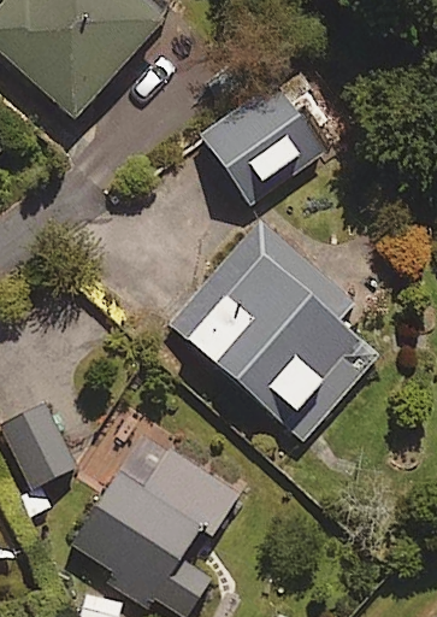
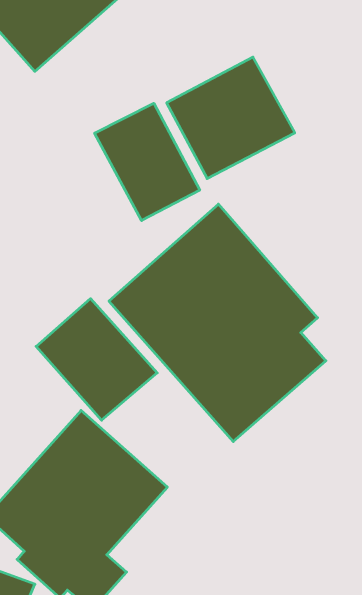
building: none -> [95,103,200,221]
building: none -> [36,299,157,420]

